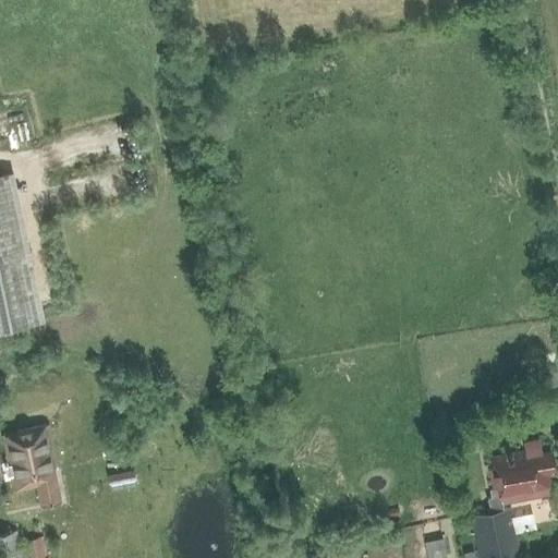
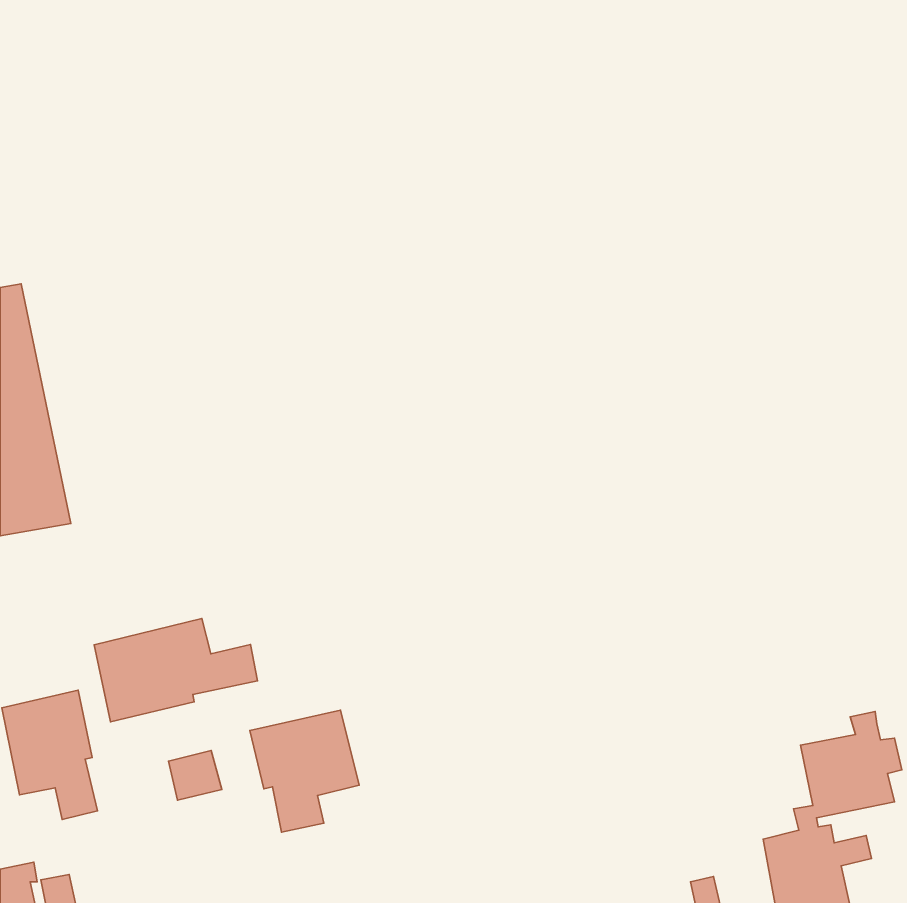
building: none -> [94,619,258,722]
building: none -> [250,710,359,832]

